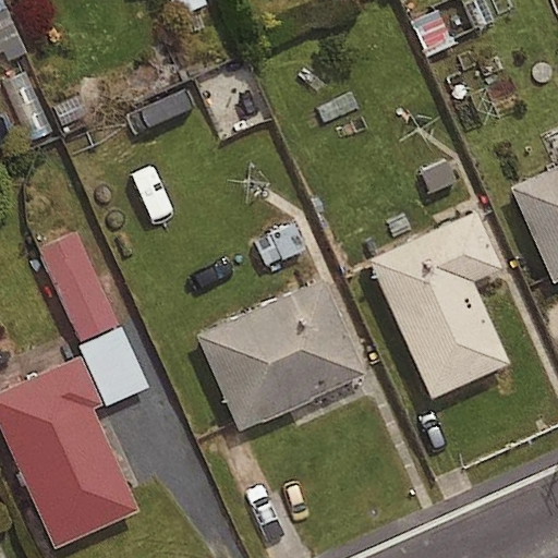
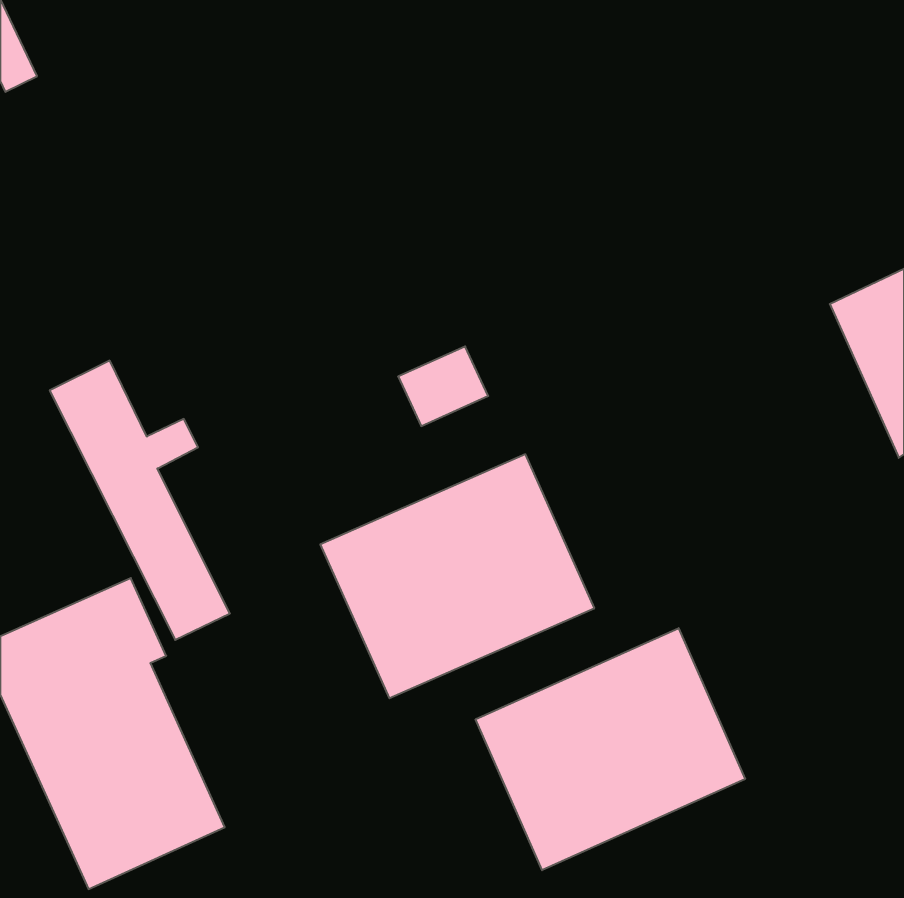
building: [367,210,514,400] -> none
building: none -> [476,628,745,870]

